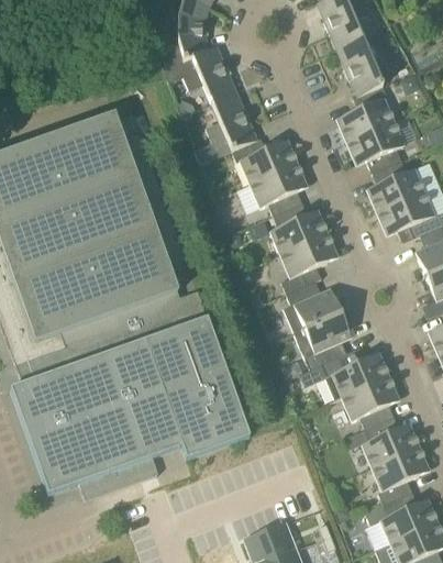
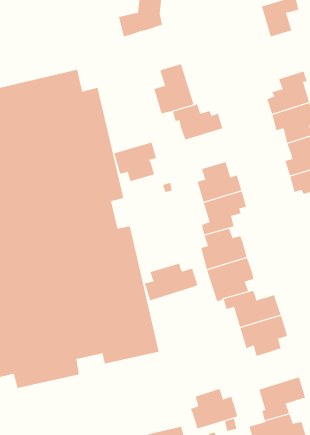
building: [337,38,383,96] -> none
building: [164,57,236,103] -> none
building: [251,164,302,214] -> [114,142,157,182]
building: none -> [144,263,198,301]
building: [361,416,419,467] -> [190,388,238,429]

